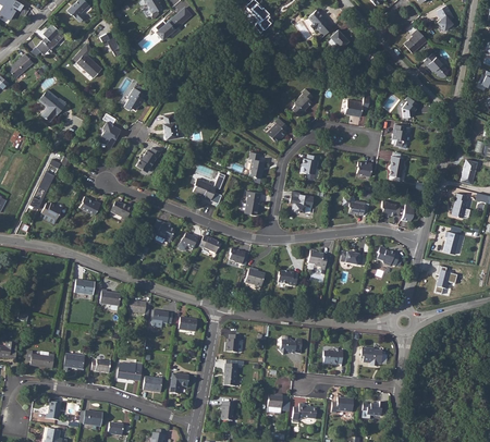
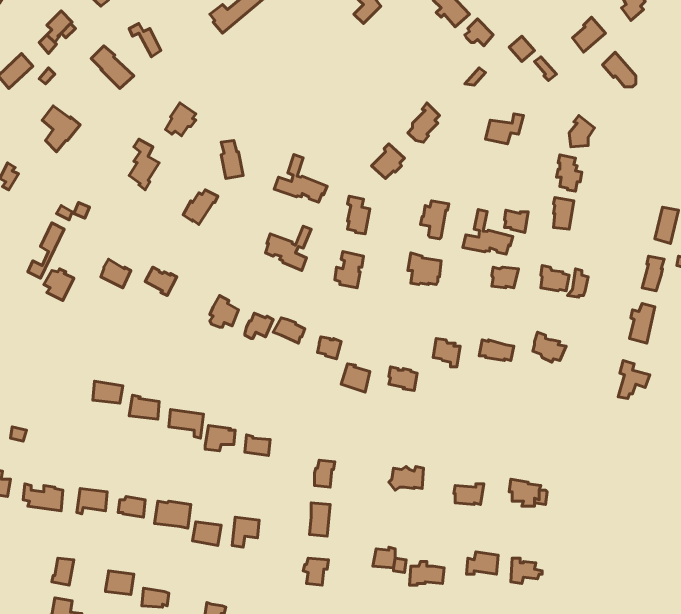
building: none -> [274,155,327,202]
building: none -> [463,210,513,254]

